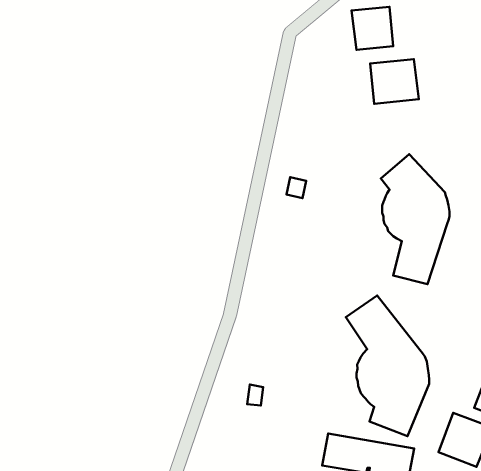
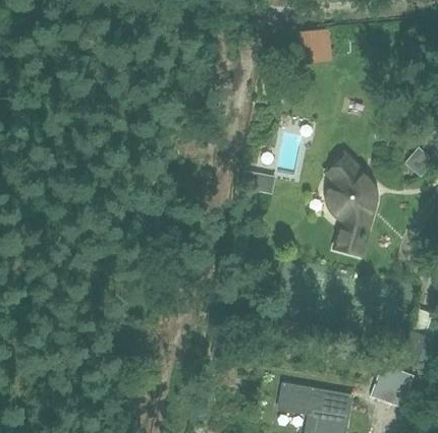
building: [370,59,419,104] -> none
building: [346,295,429,436] -> none

